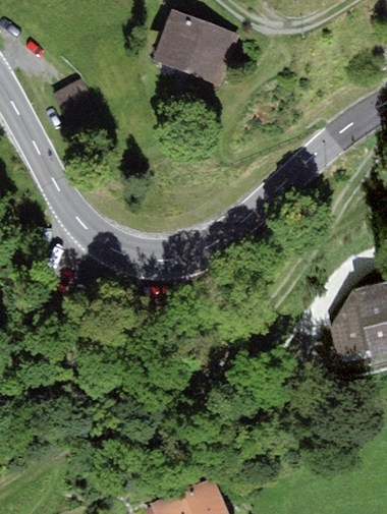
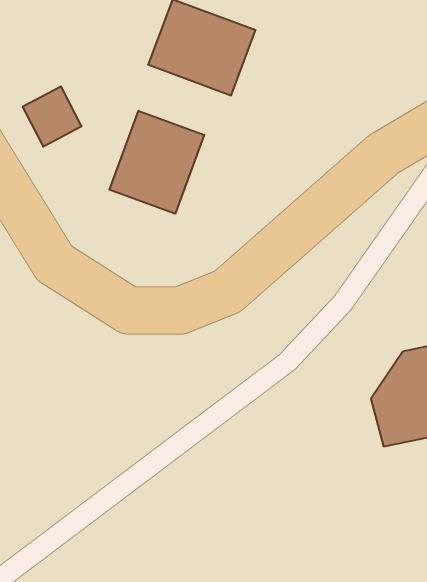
building: none -> [109,111,204,214]

